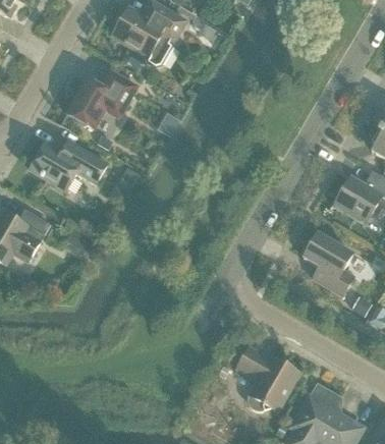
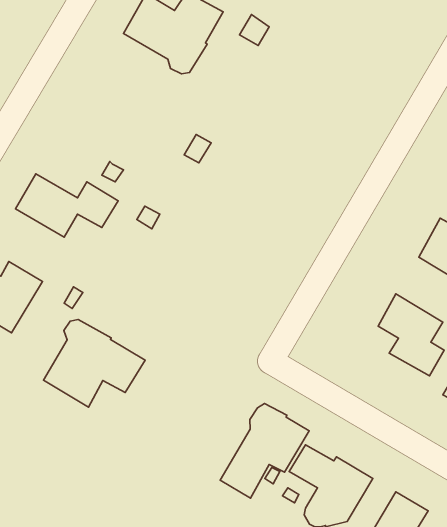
building: [66,69,136,127] -> none
building: none -> [43,319,145,407]
building: none -> [220,404,309,498]

